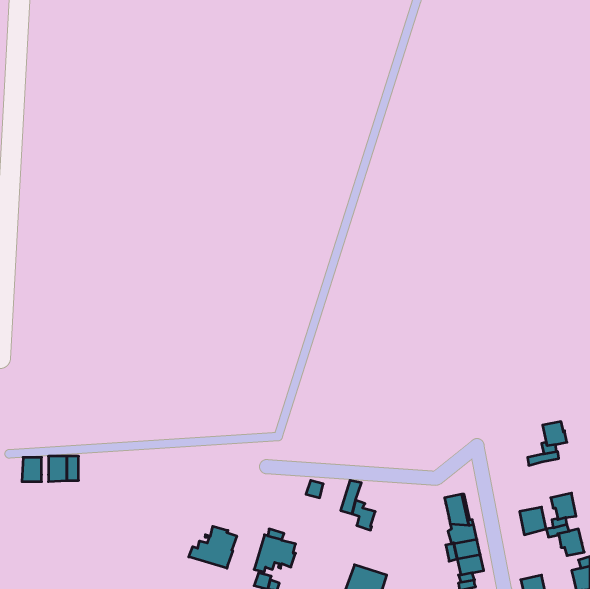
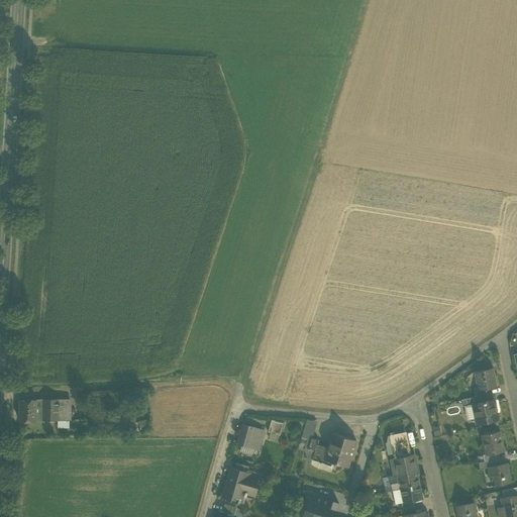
building: none -> [238,426,265,450]
building: none -> [324,434,356,469]
building: [520,507,546,535] -> [474,401,497,425]
building: [189,526,237,568] -> none

